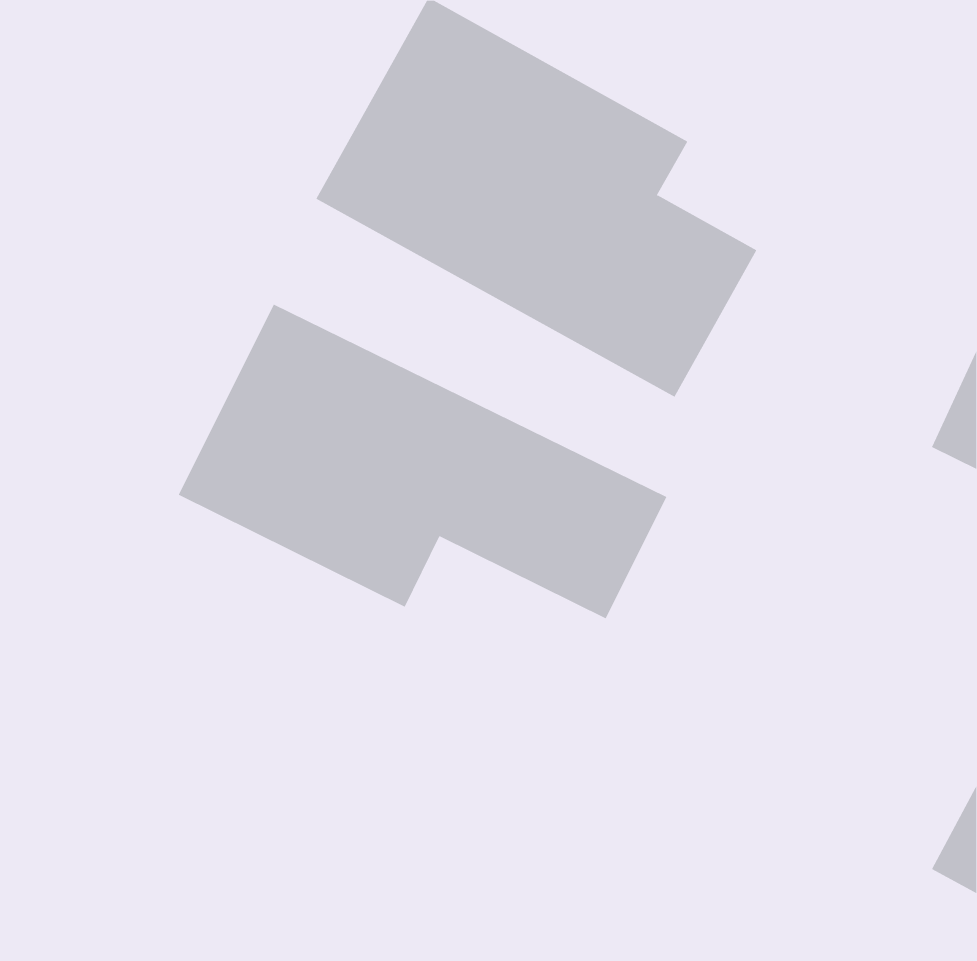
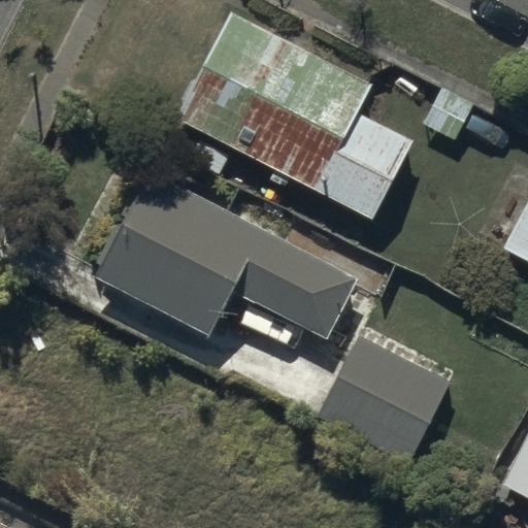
building: none -> [321,335,453,464]

